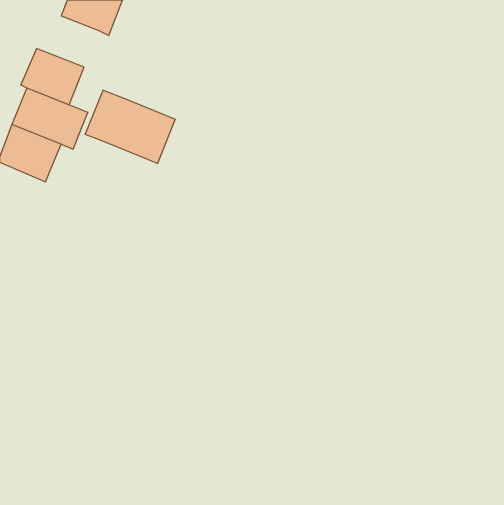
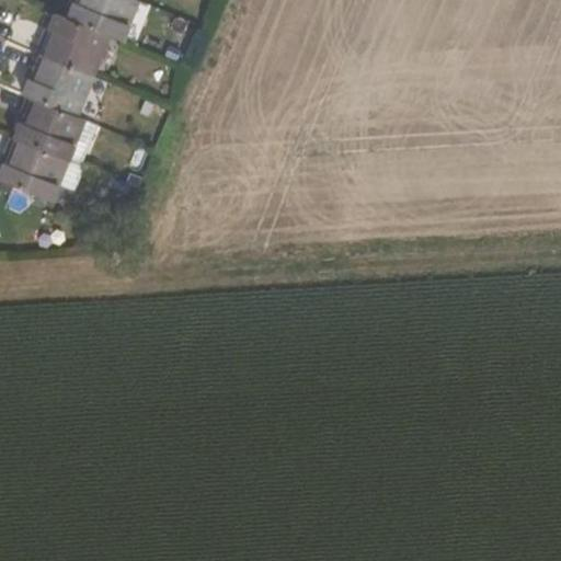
building: none -> [41,13,110,75]
building: [85,90,175,164] -> none

